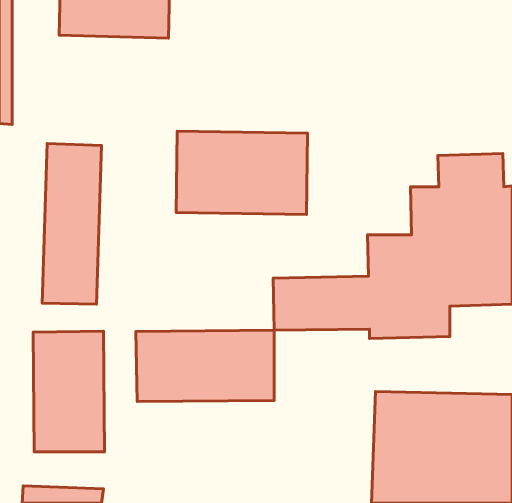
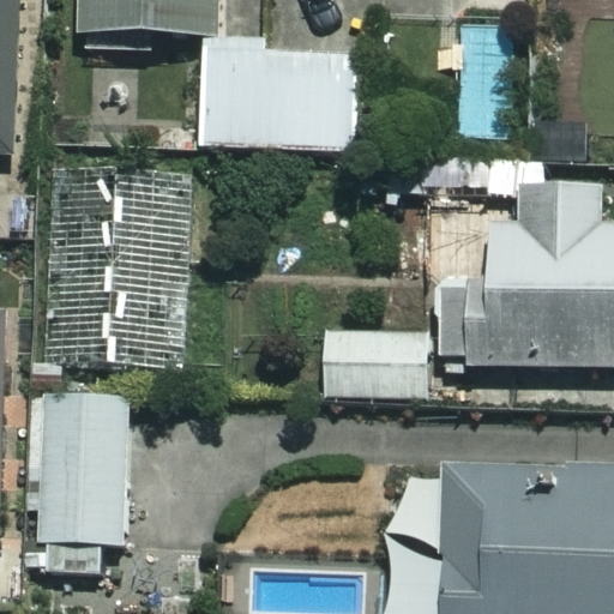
building: [176,131,308,215] -> [203,48,360,148]
building: none -> [115,174,189,366]
building: [136,330,274,401] -> none

